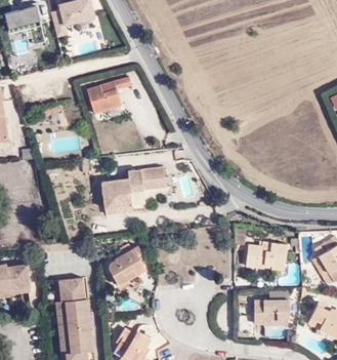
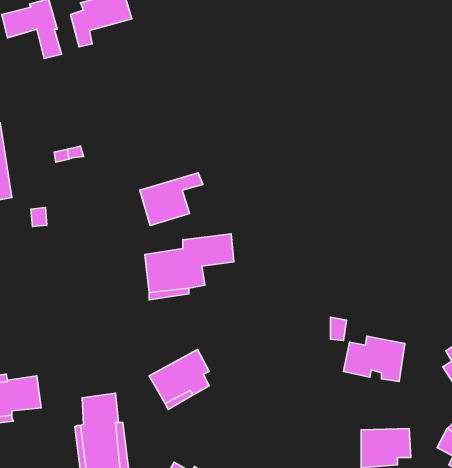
building: [88,76,132,113] -> [140,173,203,225]

